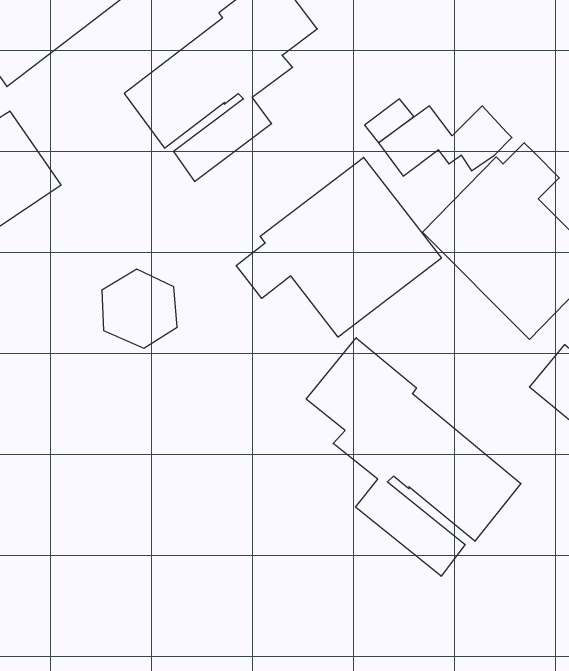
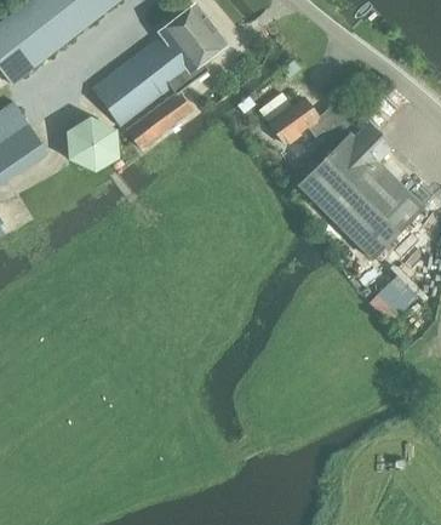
building: [236,157,441,337] -> none
building: [102,269,177,348] -> [65,119,118,173]
building: [306,338,521,576] -> none

